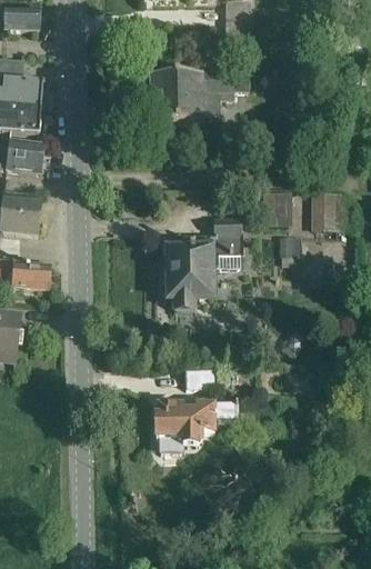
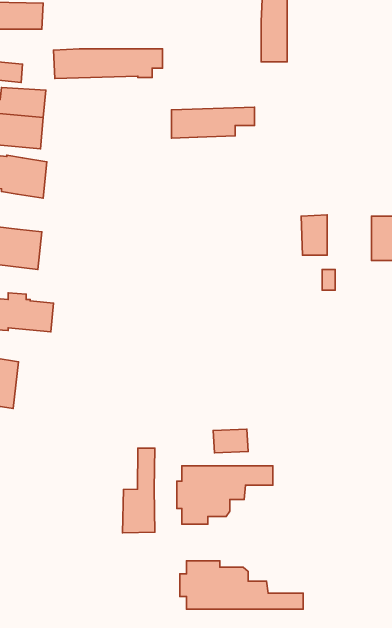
building: [149,72,242,98] -> [54,49,163,79]
building: [166,219,241,310] -> none
building: none -> [123,448,155,533]
building: none -> [180,561,303,609]

